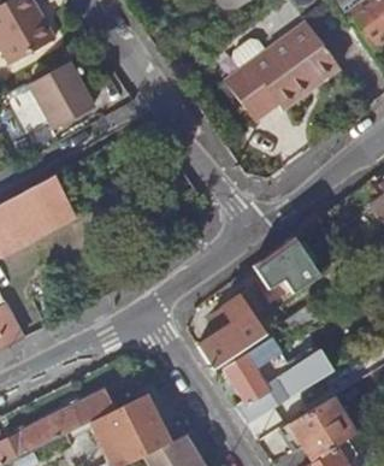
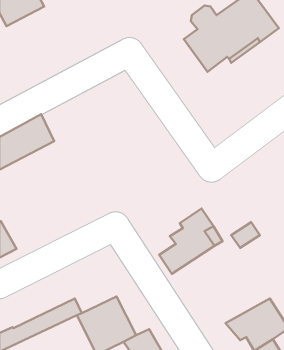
building: [28,61,94,129] -> none
building: [252,237,319,291] -> none
building: [224,340,332,424] -> none

